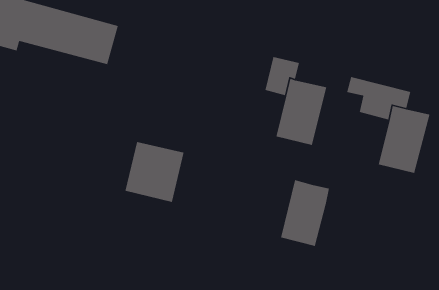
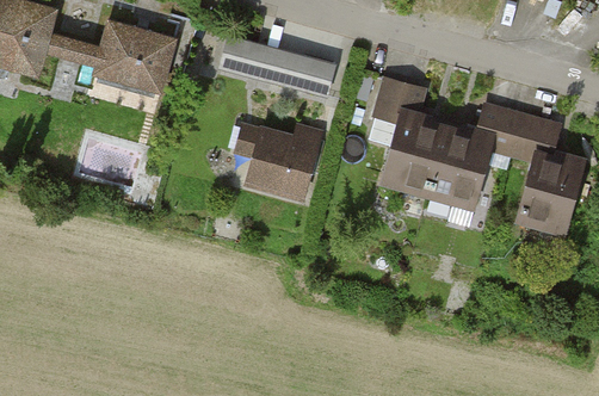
building: none -> [217,33,335,97]
building: [125,141,184,203] -> [242,118,321,199]
building: [280,179,330,247] -> [431,120,496,210]

